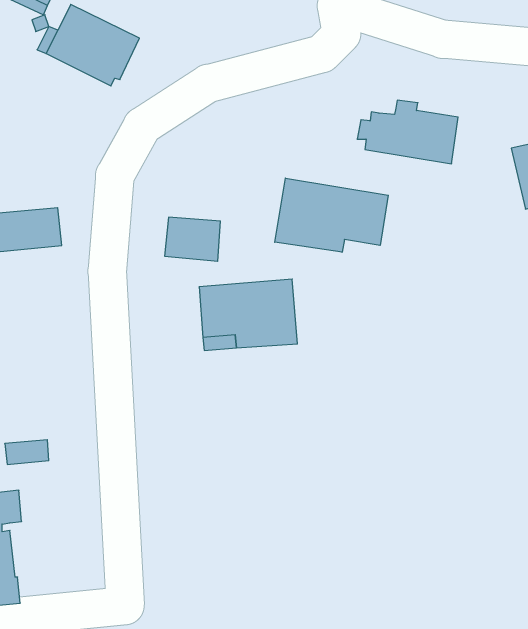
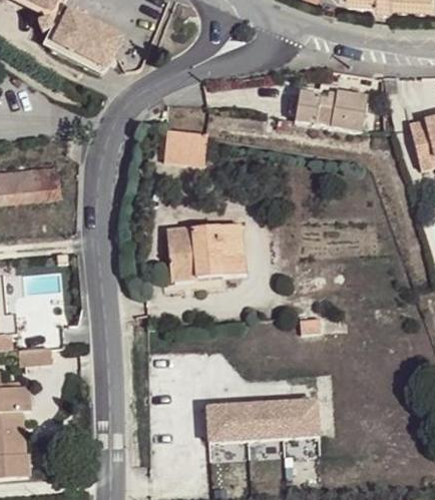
building: [275,178,388,252] -> none
building: [165,217,220,261] -> [164,128,207,162]
building: none -> [201,404,316,448]

